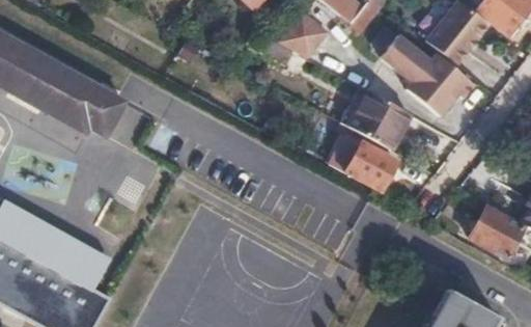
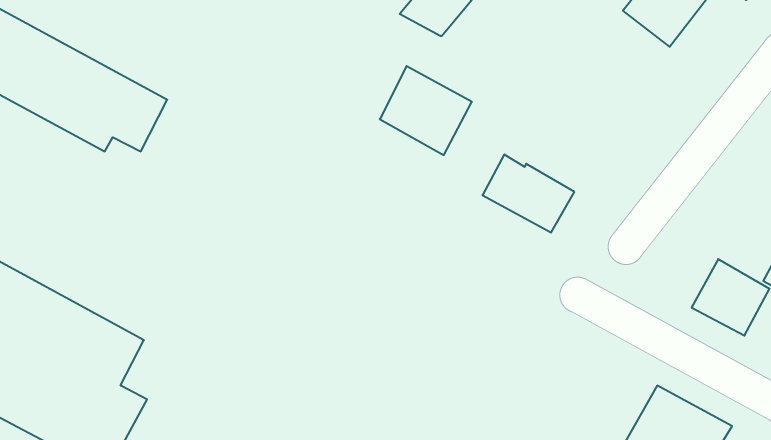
building: [385,37,474,115] -> none
building: [348,89,410,148] -> [380,66,472,155]

